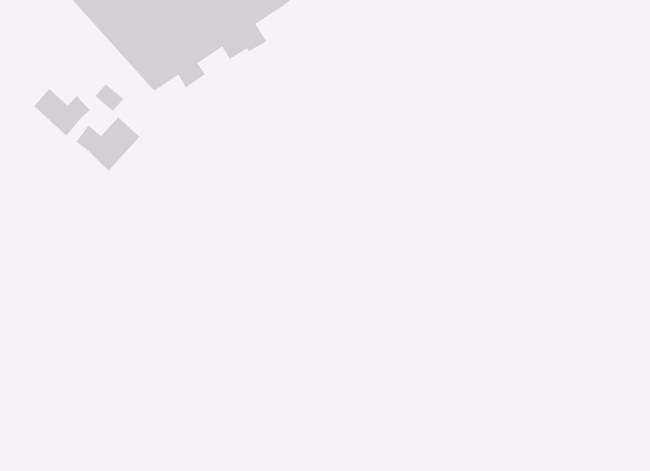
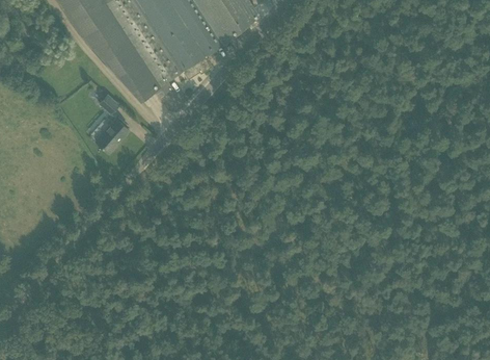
building: [33,88,91,137] -> none

